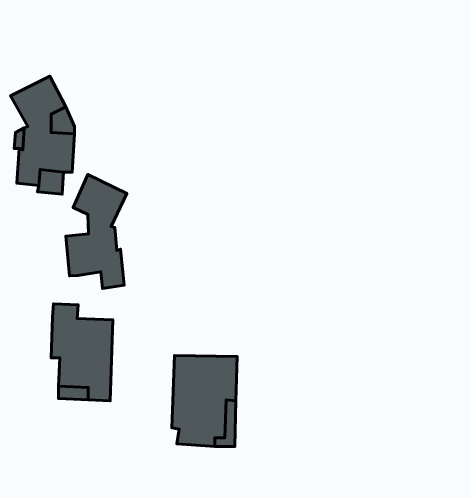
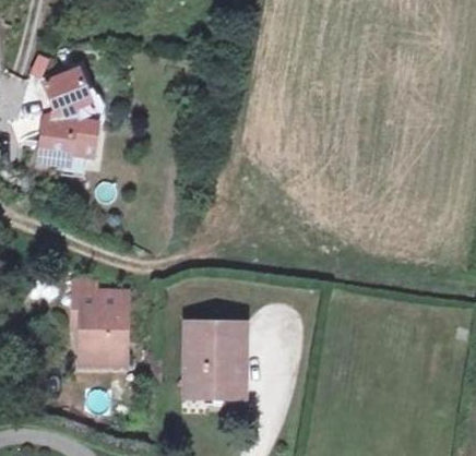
building: [66,175,127,289] -> none

